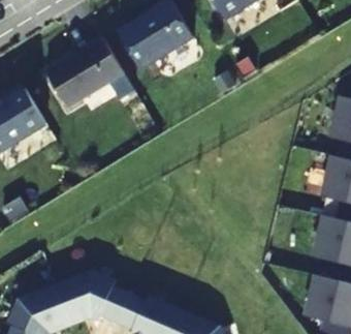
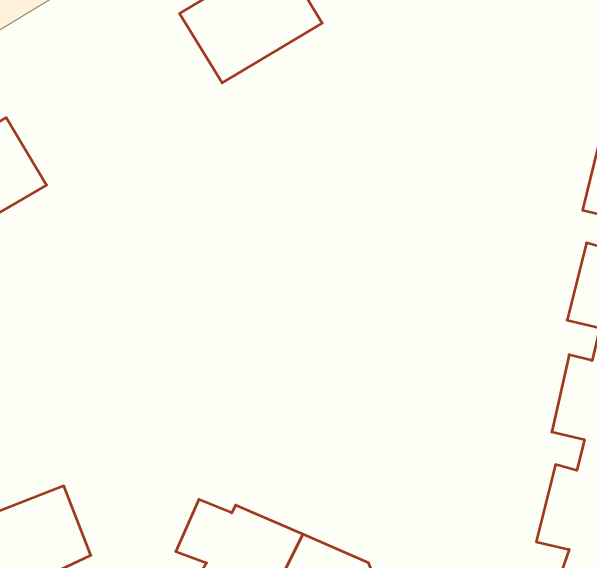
building: [44,38,125,112] -> none
building: [54,272,126,324] -> none

